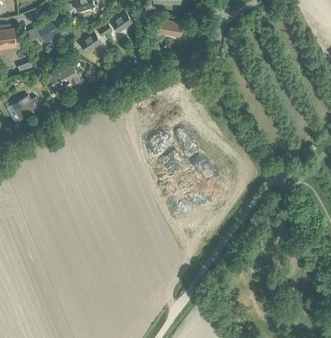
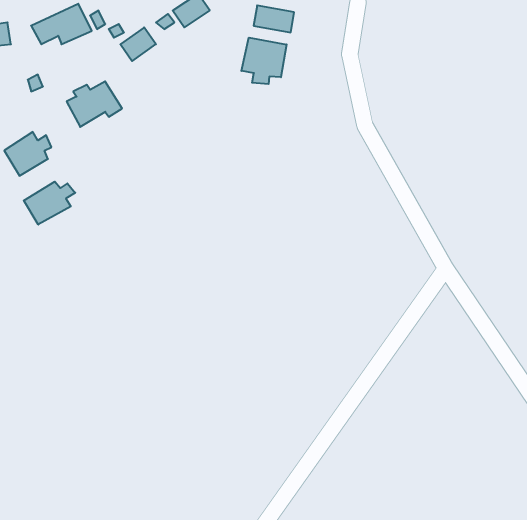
building: none -> [241,38,287,84]
building: none -> [24,182,75,225]

